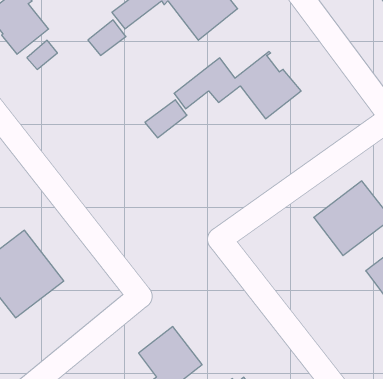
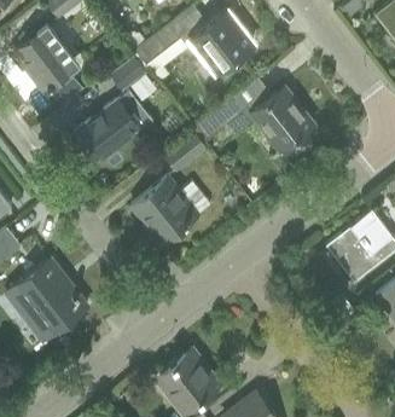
building: none -> [74,91,151,160]
building: none -> [130,178,209,243]

